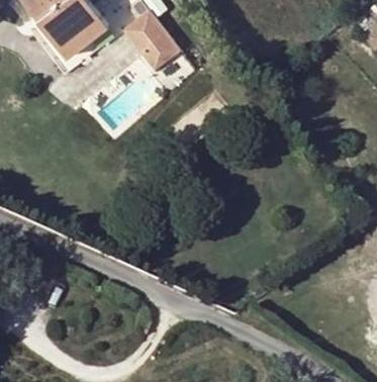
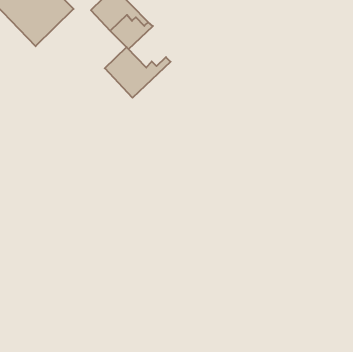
building: none -> [105,47,171,98]

